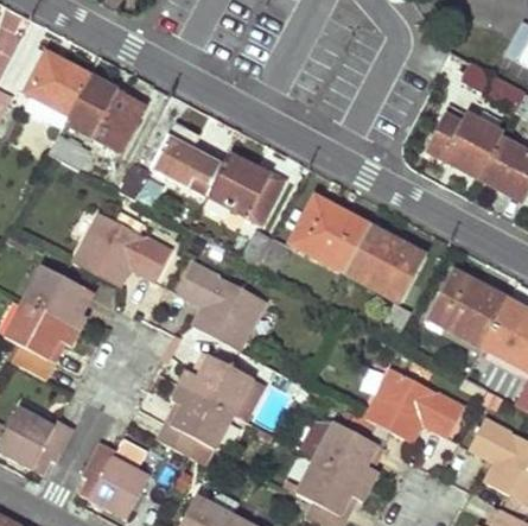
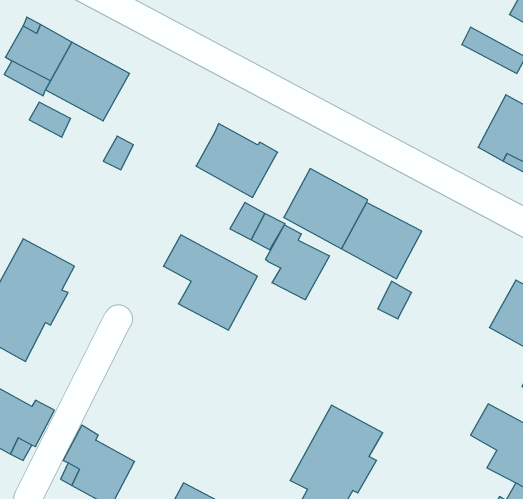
building: [420,94,503,177] -> none
building: [150,121,225,198] -> none
building: [74,211,172,285] -> none
building: none -> [266,225,329,300]
building: [431,273,510,348] -> none
building: [154,348,255,456] -> none
building: [364,368,463,443] -> none

